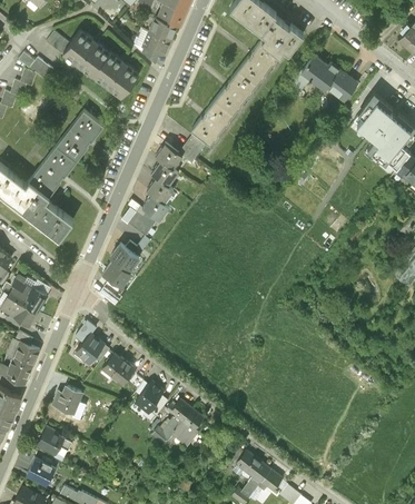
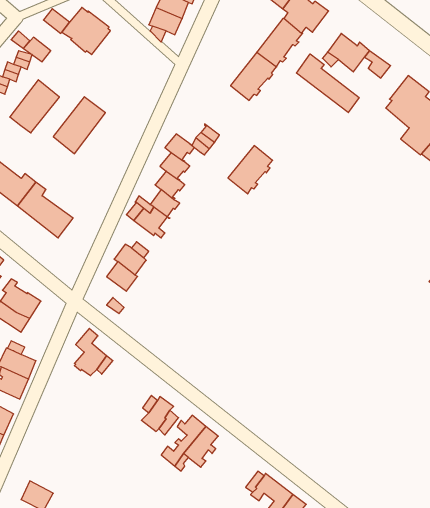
building: [90,52,140,97] -> none
building: none -> [296,54,359,113]
building: [191,101,231,145] -> [228,146,273,194]
building: [30,147,75,195] -> [10,80,59,133]
building: [102,353,135,383] -> none
building: [53,384,82,411] -> none
building: [38,425,73,453] -> none

